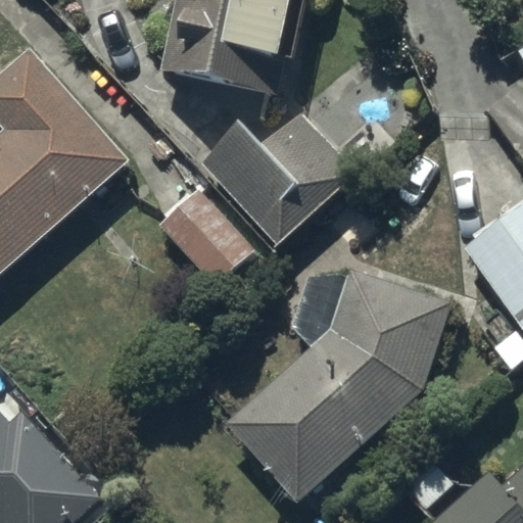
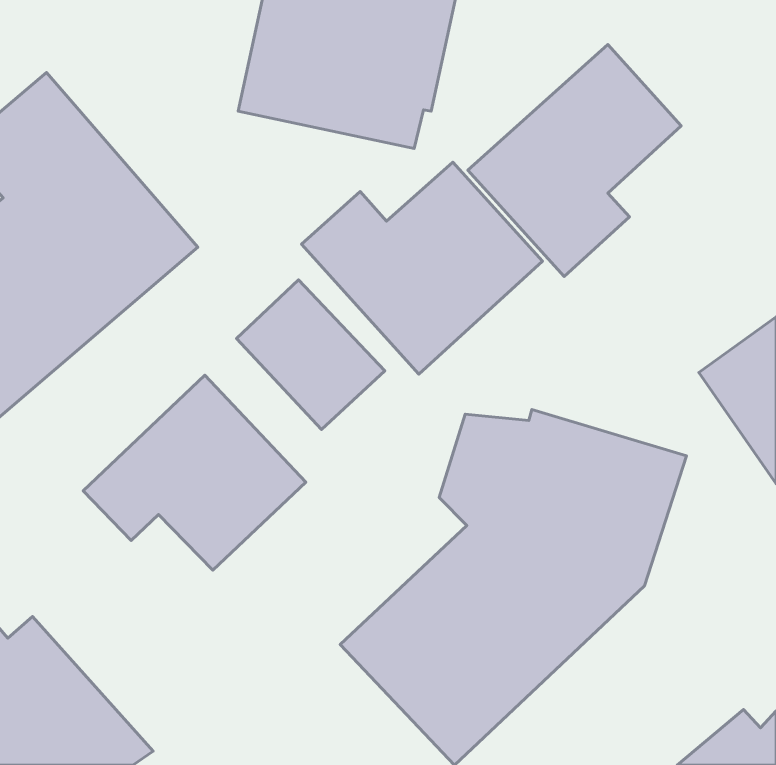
building: none -> [468,44,681,277]
building: none -> [83,375,306,570]

